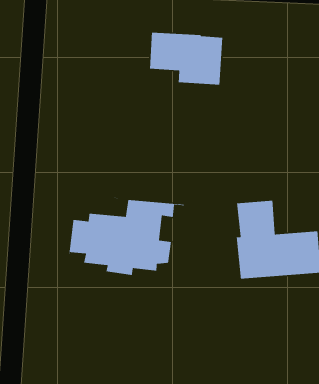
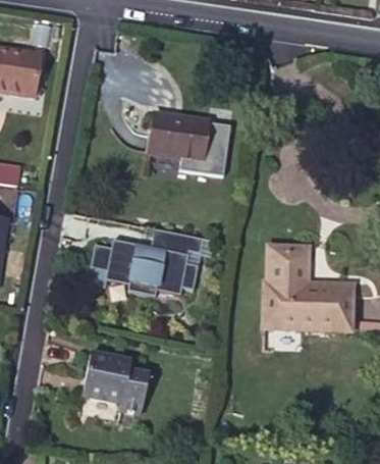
building: [149,32,223,85] -> [150,112,230,175]
building: none -> [85,355,149,416]

